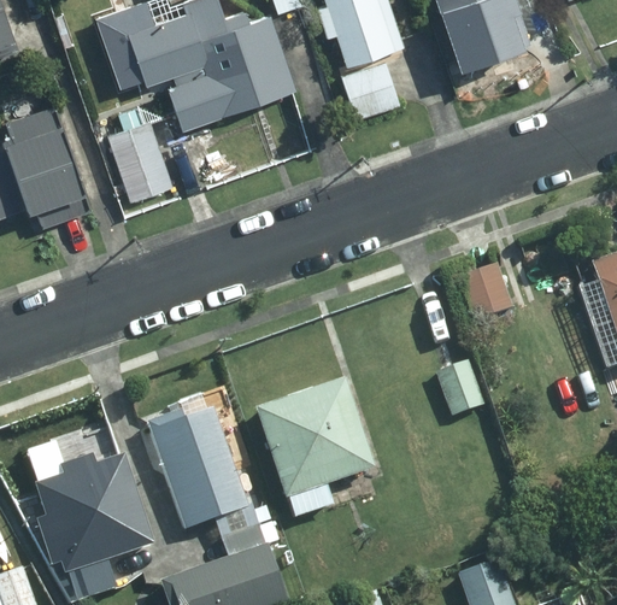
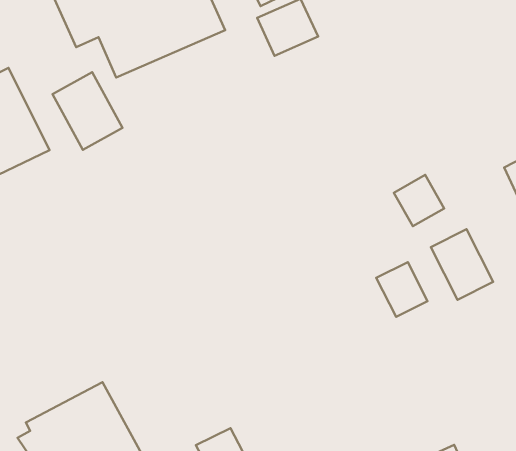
building: none -> [431,229,493,300]
building: [253,383,374,519] -> none
building: [137,399,255,534] -> none

